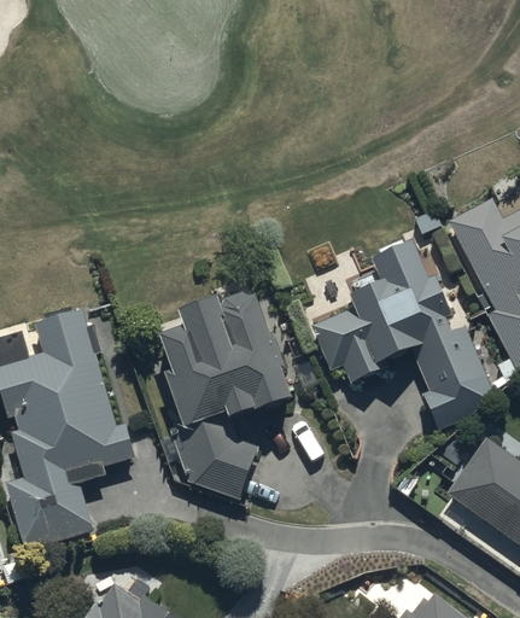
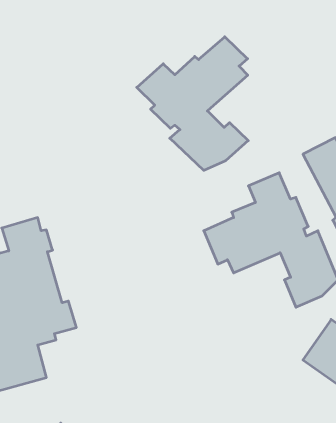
building: none -> [137,37,248,170]
building: [159,288,293,490] -> none

